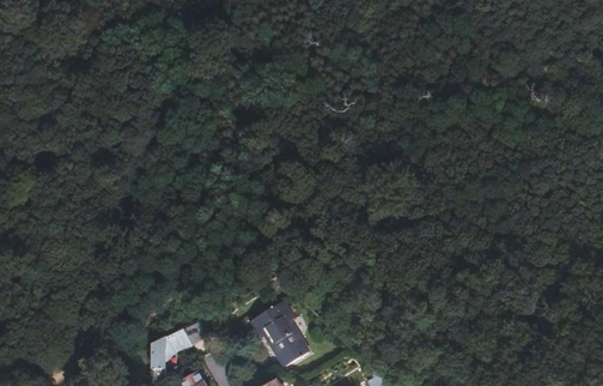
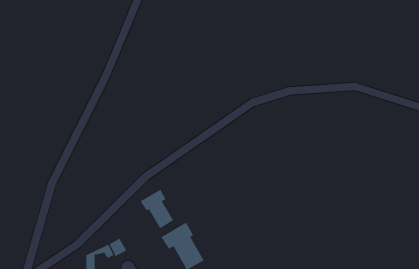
building: none -> [140,189,174,229]

